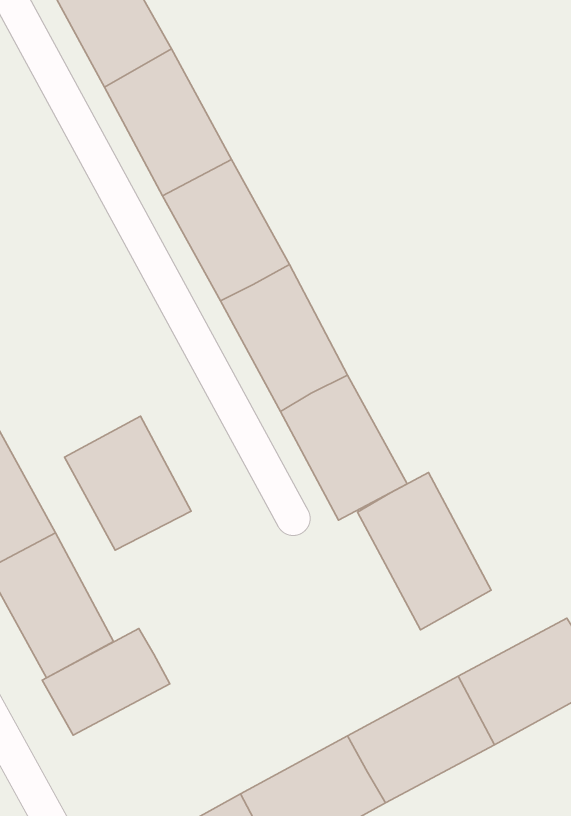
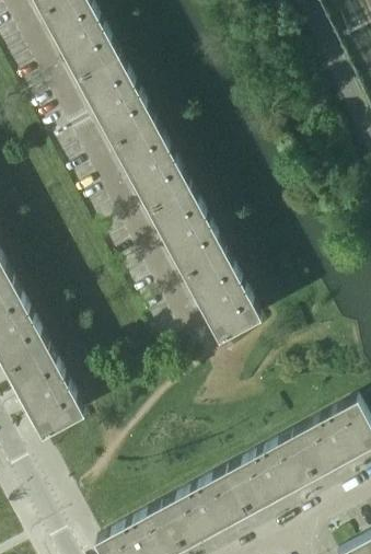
building: [65,416,191,550] -> none
building: [358,473,491,630] -> none
building: [42,629,170,735] -> none

